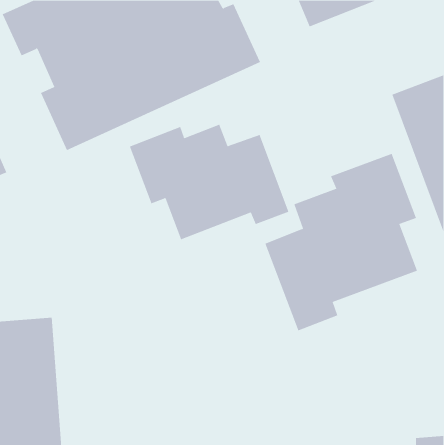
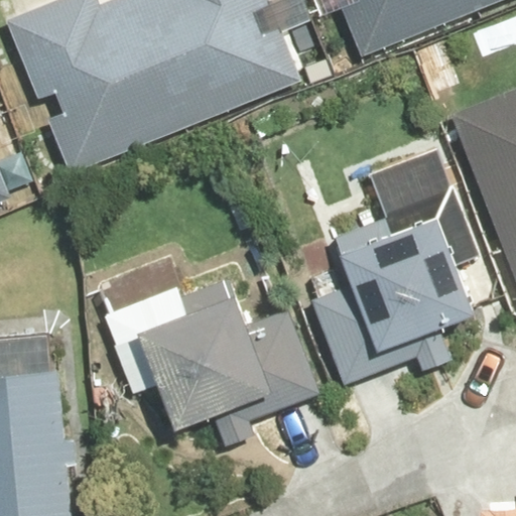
building: [129,124,289,240] -> none
building: none -> [140,261,319,428]

